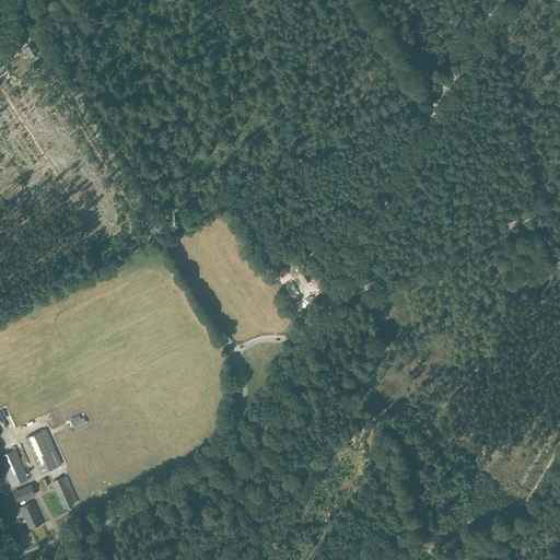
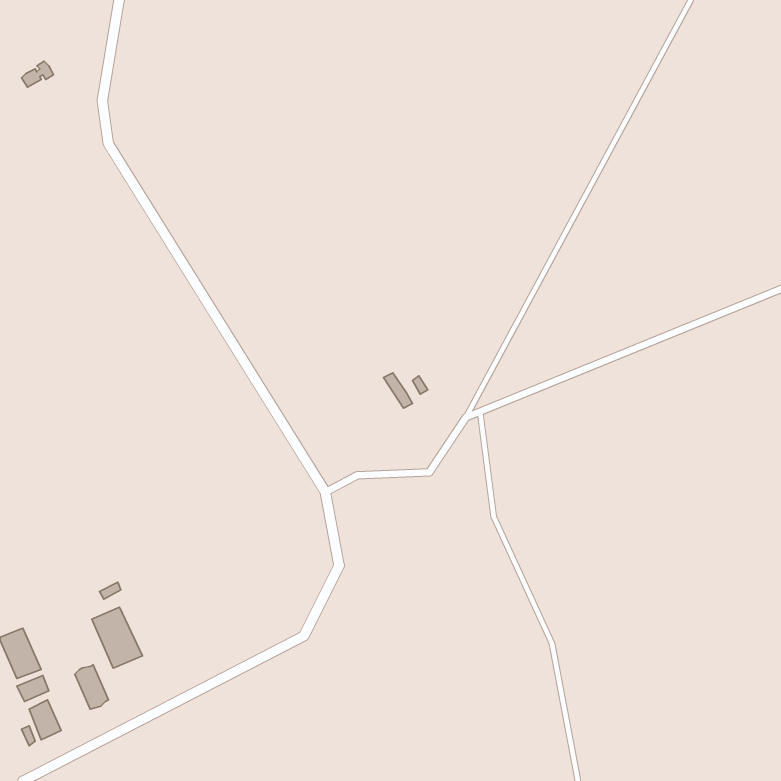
building: [26,429,62,472] -> [92,607,142,668]

